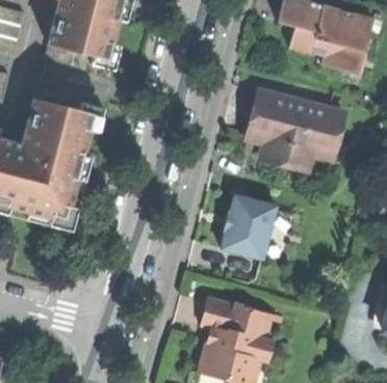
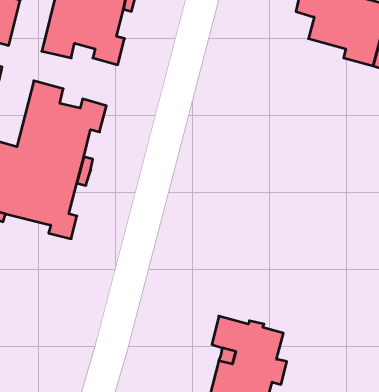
building: [247,89,343,170] -> none
building: [221,193,276,256] -> none

